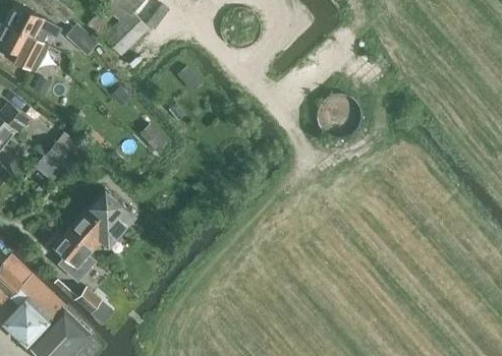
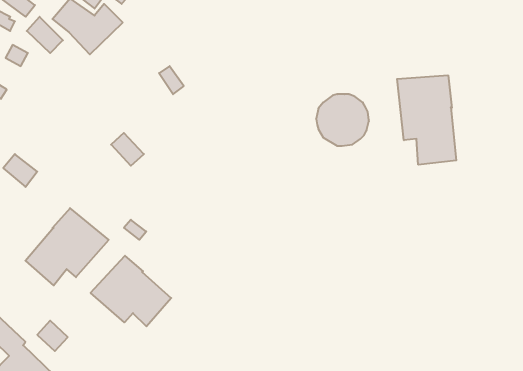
building: none -> [397,75,456,165]
building: none -> [91,256,171,326]
building: [52,235,95,282] -> none

